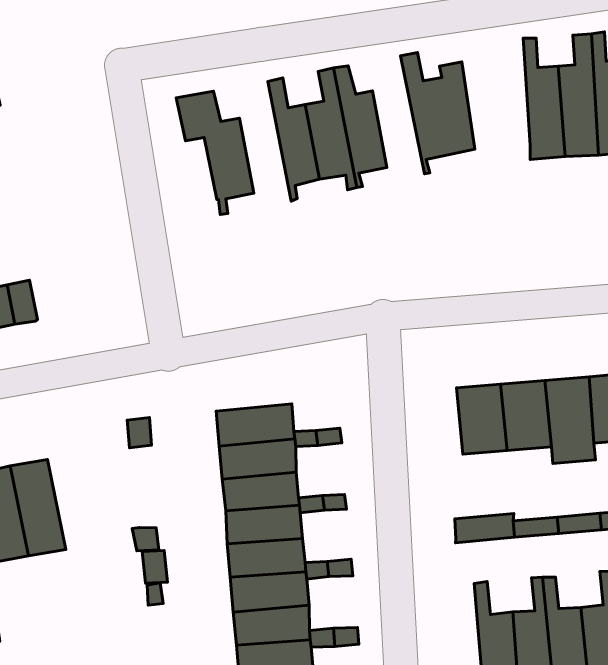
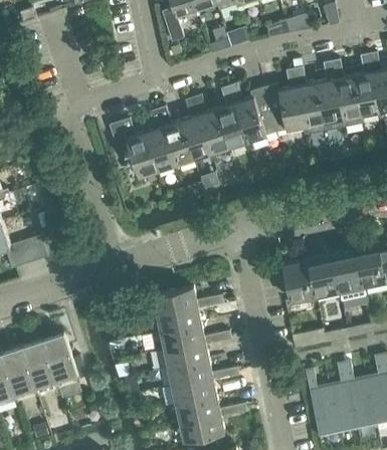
building: none -> [263,68,307,133]
building: none -> [216,86,250,152]
building: none -> [145,109,179,175]

